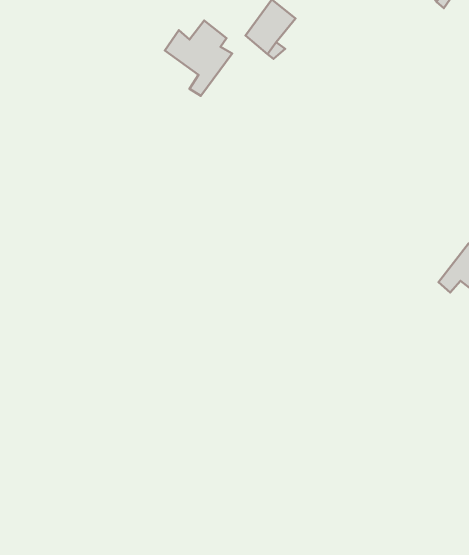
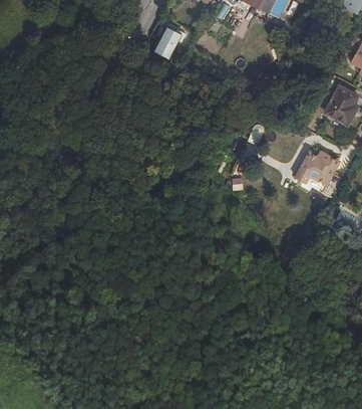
building: [165,21,232,96] -> none

